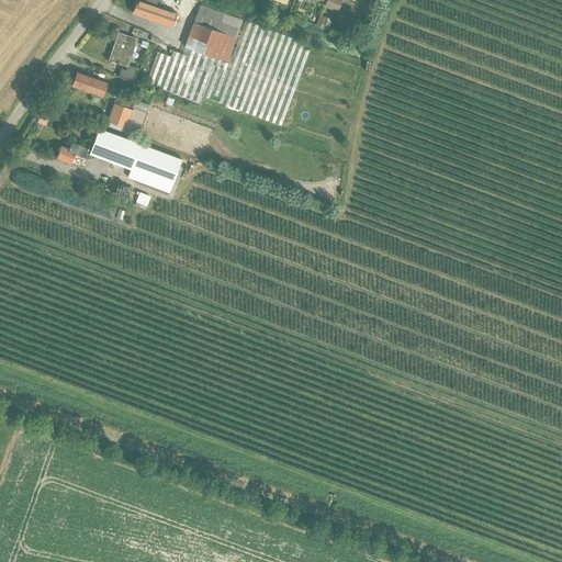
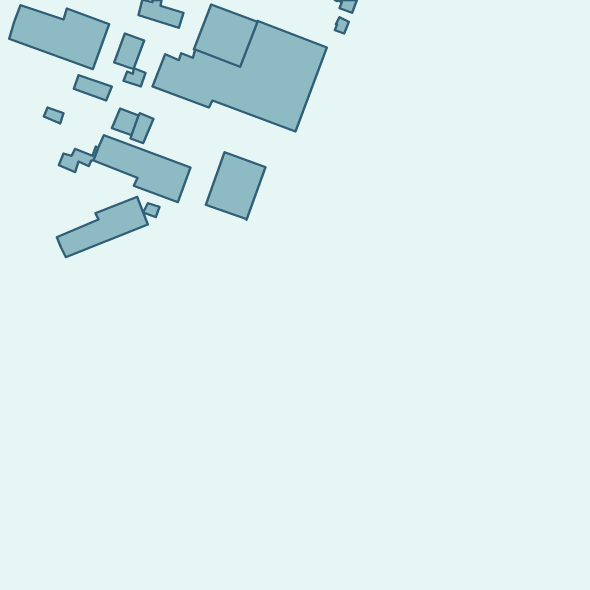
building: none -> [9,5,109,69]
building: none -> [206,152,266,220]
building: none -> [57,197,148,257]

